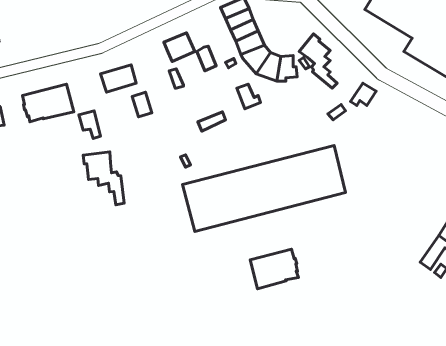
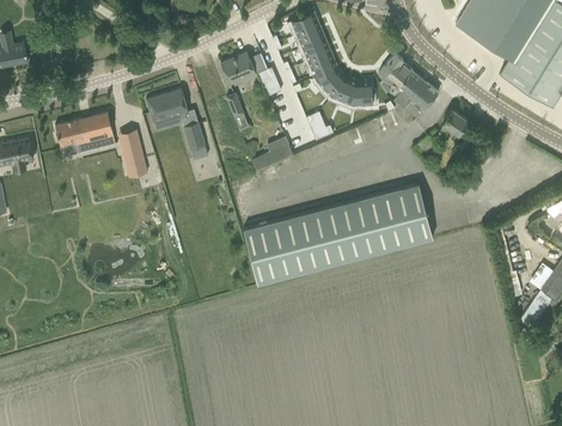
building: none -> [407,72,438,110]
building: [83,152,124,205] -> none
building: [250,249,298,289] -> none

